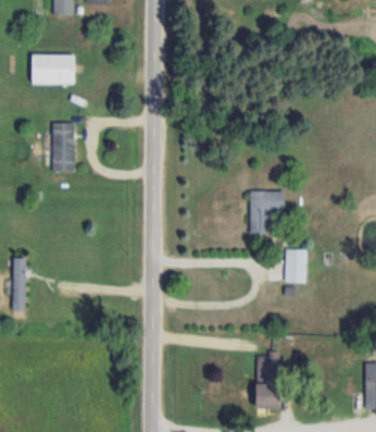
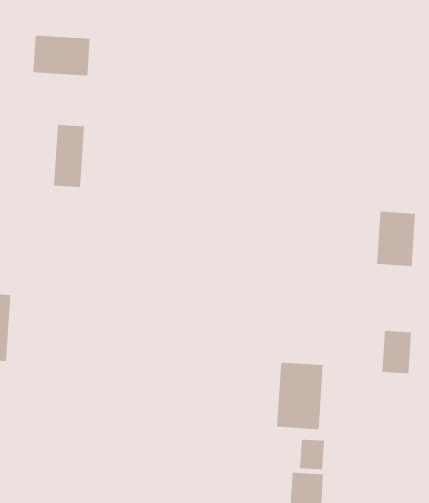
building: [249,192,277,233] -> [376,211,416,267]
building: [285,249,306,282] -> [381,330,412,374]
building: none -> [277,362,323,430]

